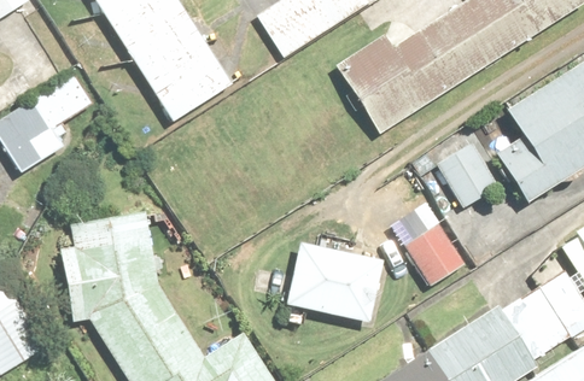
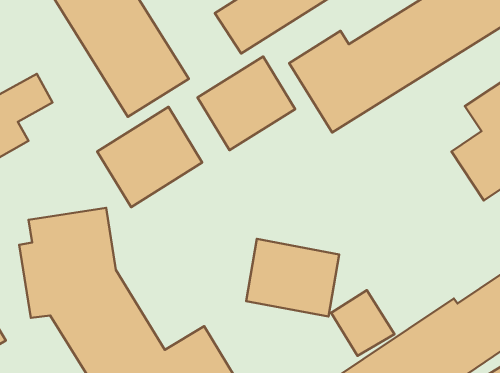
building: none -> [197,57,295,150]
building: none -> [97,107,202,207]
building: [433,137,501,207] -> none
building: [403,219,467,286] -> [331,290,394,356]

